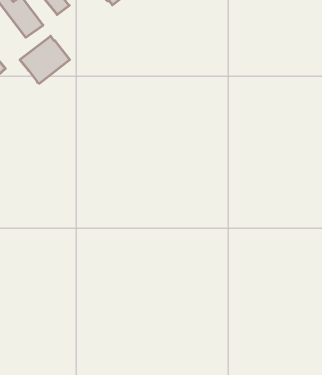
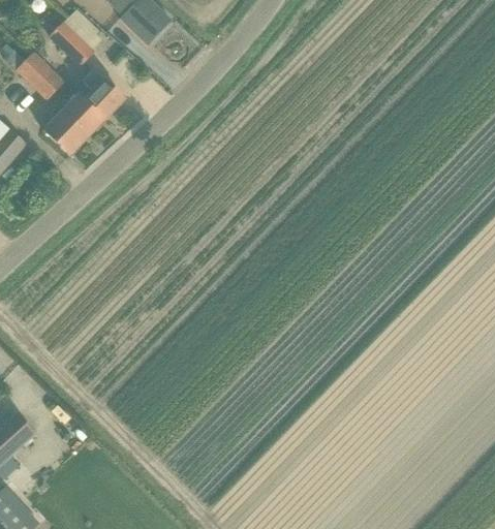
building: none -> [83,70,124,119]

